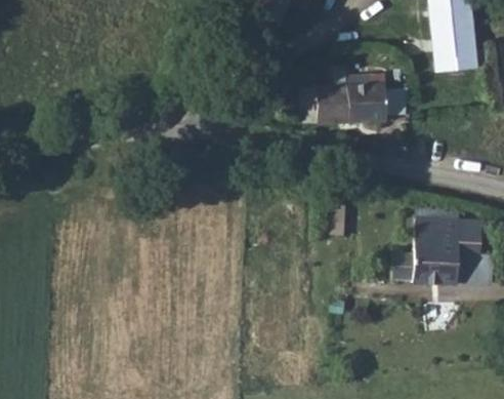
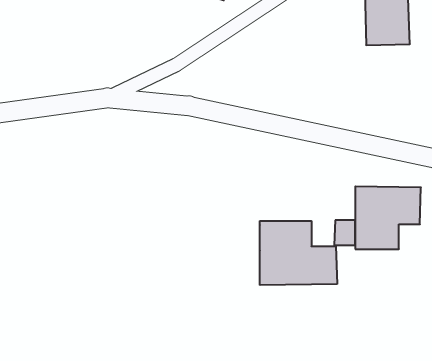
building: [300,72,391,121] -> none
building: none -> [260,221,337,285]

